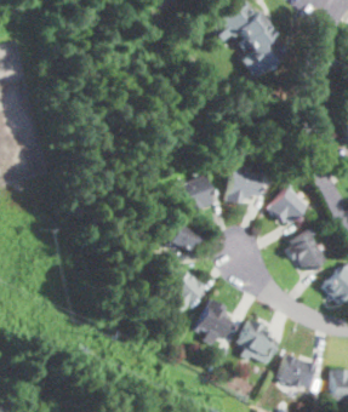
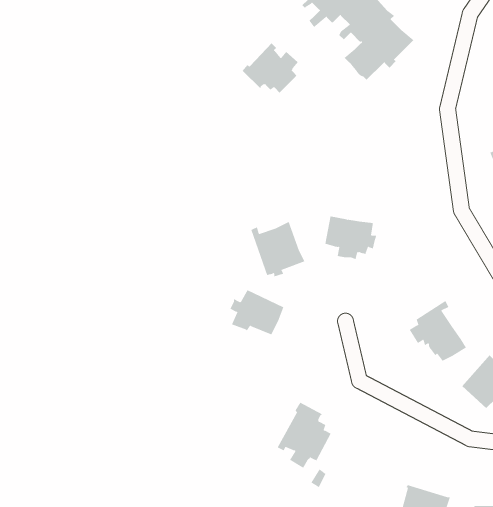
building: none -> [242,42,299,94]
building: [270,187,308,223] -> none
building: [167,270,206,314] -> none
building: [238,317,279,362] -> none

